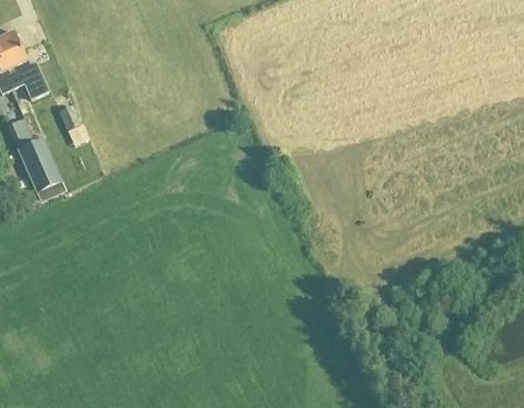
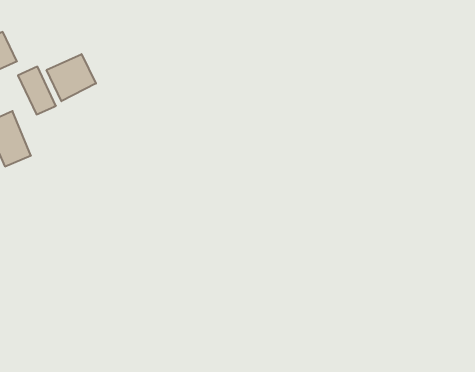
building: none -> [47,54,96,101]

